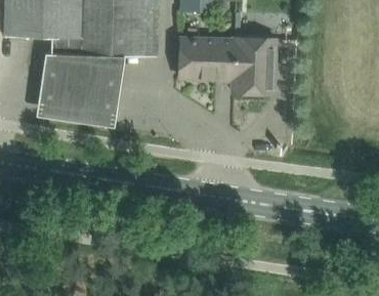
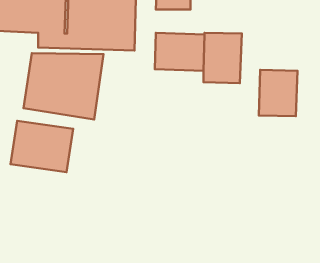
building: none -> [259,70,297,116]
building: none -> [11,121,73,172]

